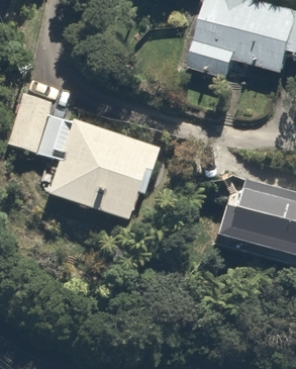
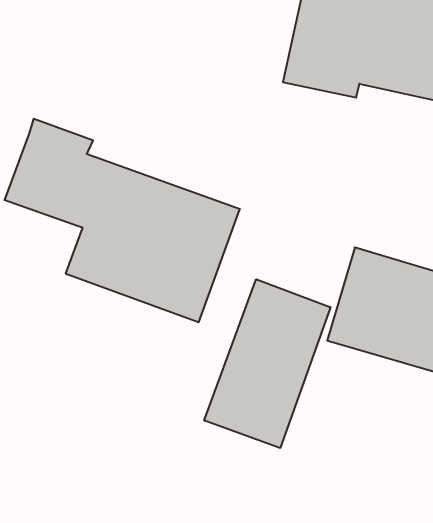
building: none -> [204,279,330,448]

